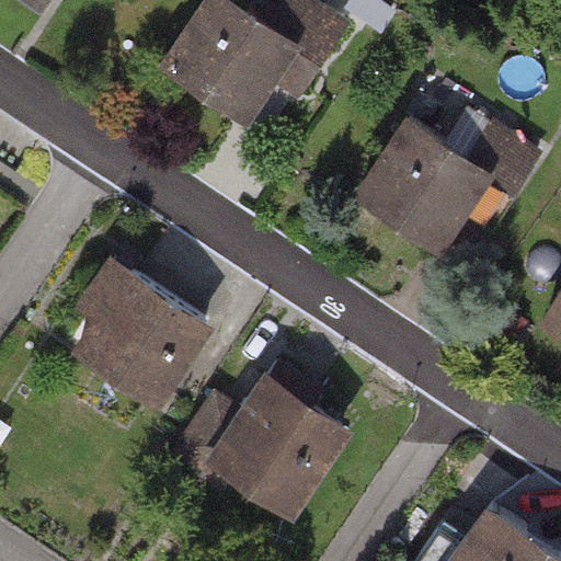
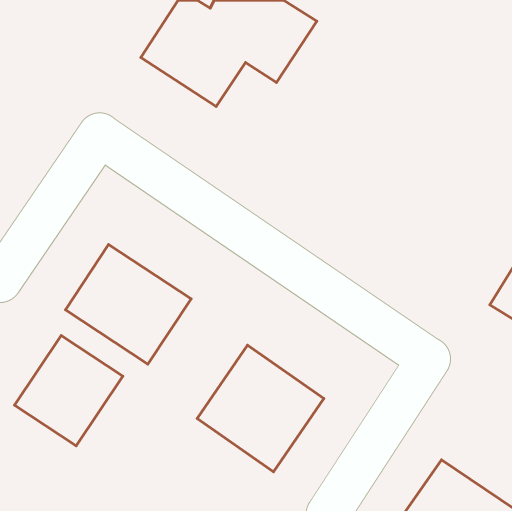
building: [347,103,539,253] -> none
building: none -> [14,335,123,446]

